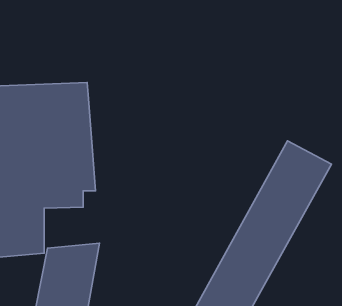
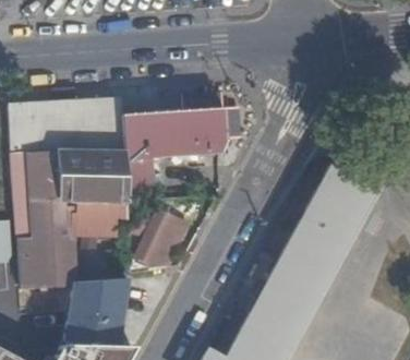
building: none -> [120,110,224,203]
building: none -> [130,206,189,272]

